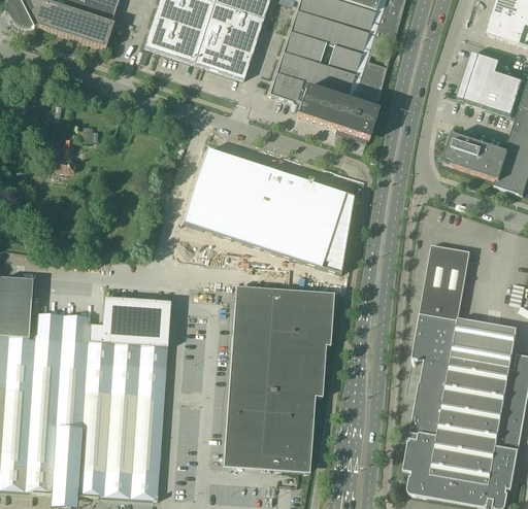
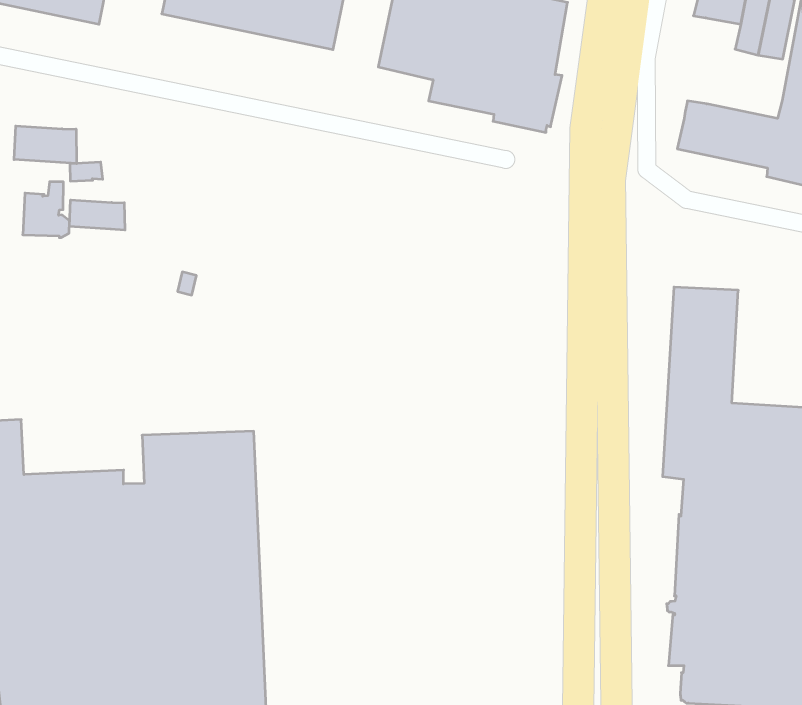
building: [457,82,489,105] -> none
building: none -> [14,126,77,164]
building: [183,147,353,273] -> none
building: none -> [69,200,125,230]
building: [224,287,333,470] -> none

